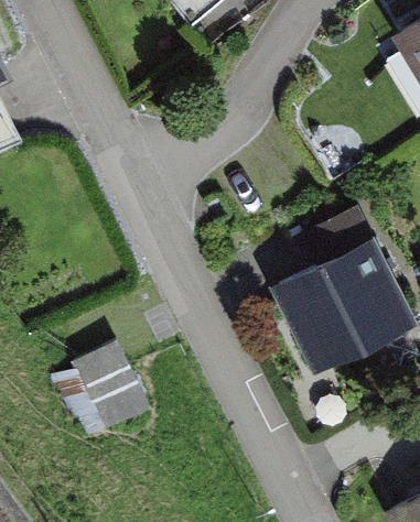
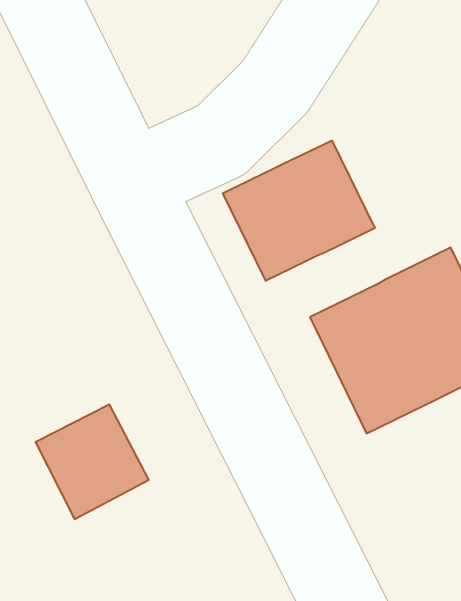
building: none -> [223,141,375,281]

